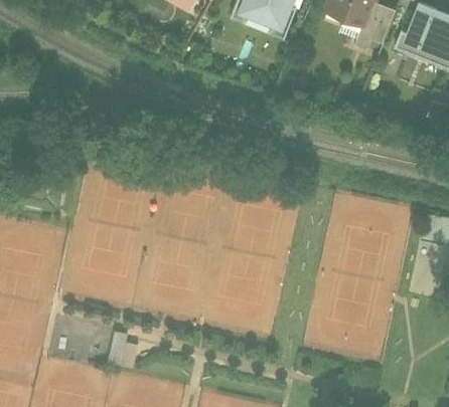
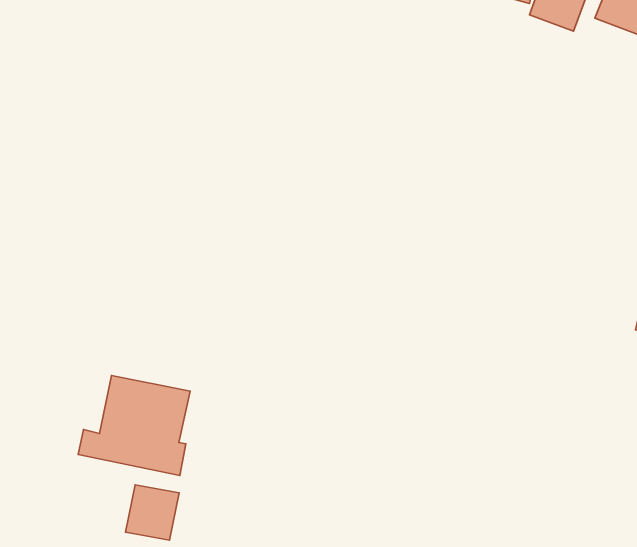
building: none -> [78,376,190,476]

